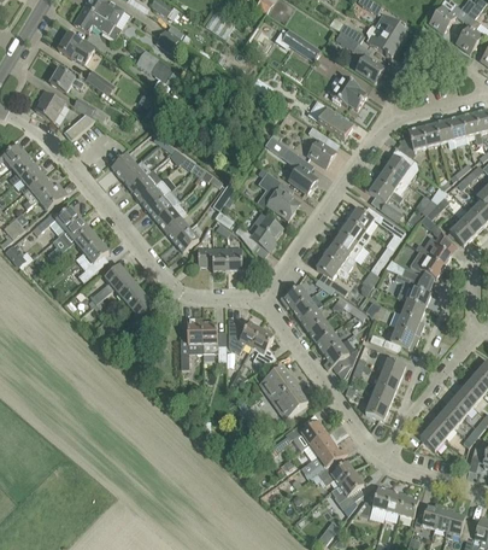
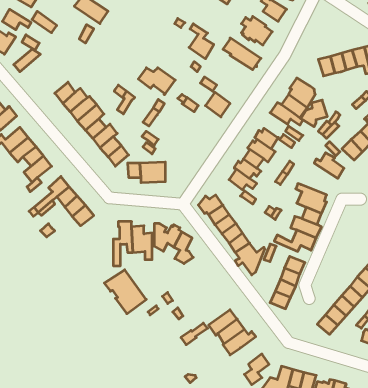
building: [306,125,335,166] -> [189,24,214,59]
building: [395,125,427,157] -> [301,100,327,127]
building: [255,188,299,220] -> [138,68,175,94]
building: [235,212,282,250] -> none
building: [400,247,443,285] -> none
building: [258,365,307,417] -> [104,270,146,314]
building: [311,461,354,486] -> none

